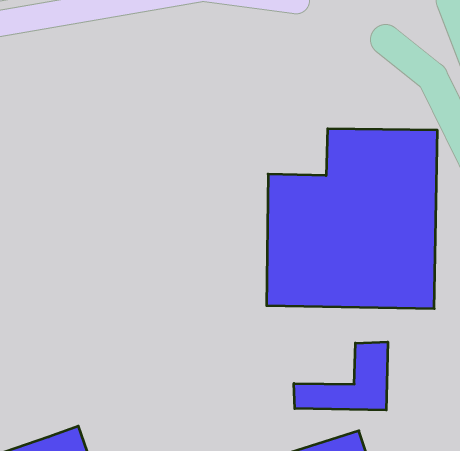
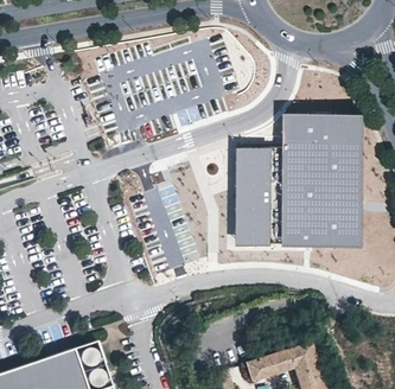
building: [294,342,388,410] -> none

